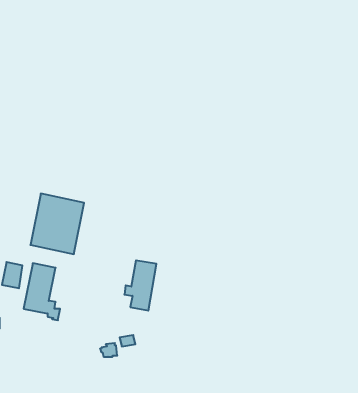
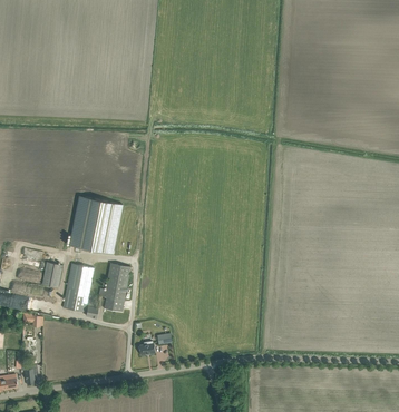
building: [124,260,156,311] -> [98,263,129,312]

